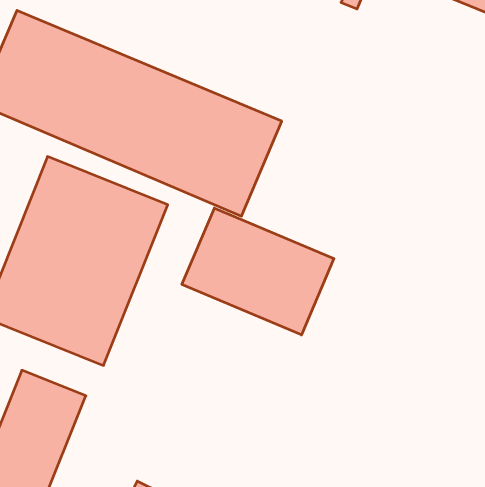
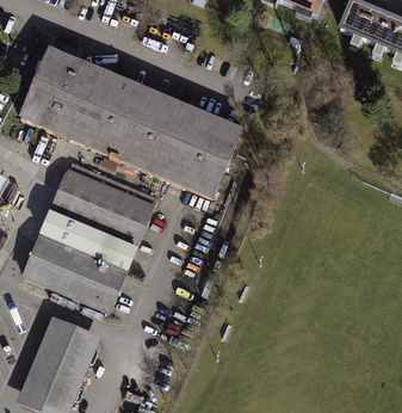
building: [182,208,334,335] -> none

